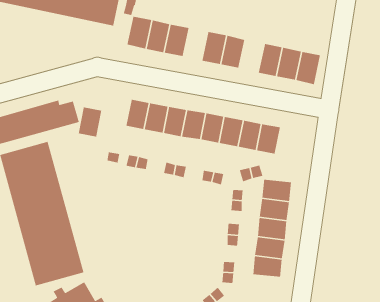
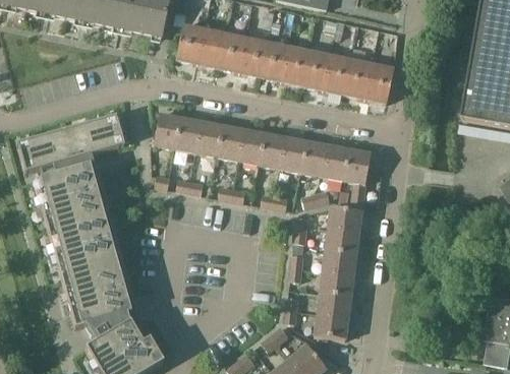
building: none -> [240,39,268,76]
building: none -> [302,52,331,89]
building: [78,106,102,137] -> [155,114,182,148]
building: none -> [343,149,371,205]
building: none -> [315,314,349,339]

